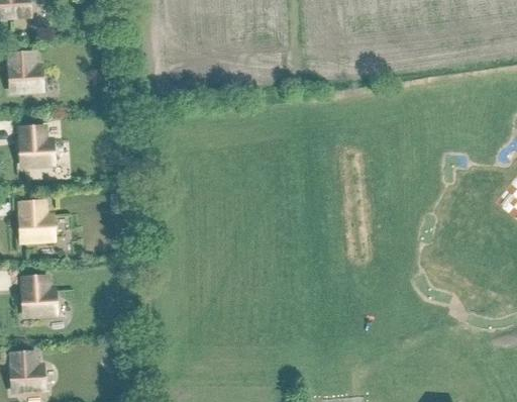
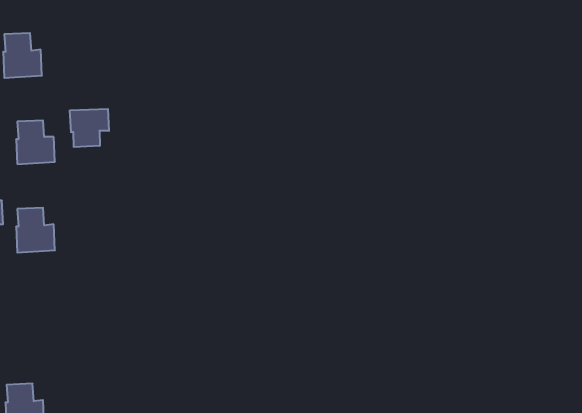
building: none -> [70,109,109,147]
building: [22,277,56,315] -> none

